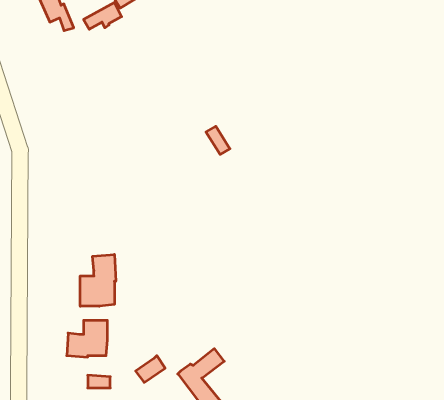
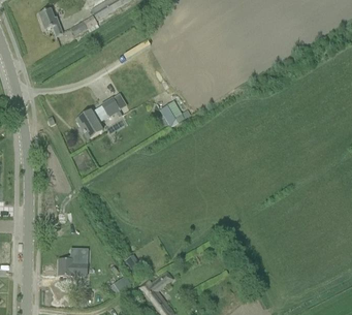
building: none -> [76,97,119,137]
building: [80,254,116,306] -> none

